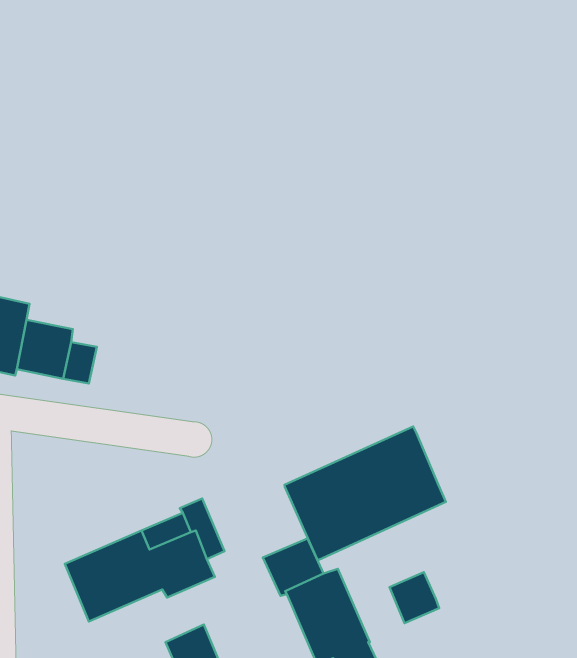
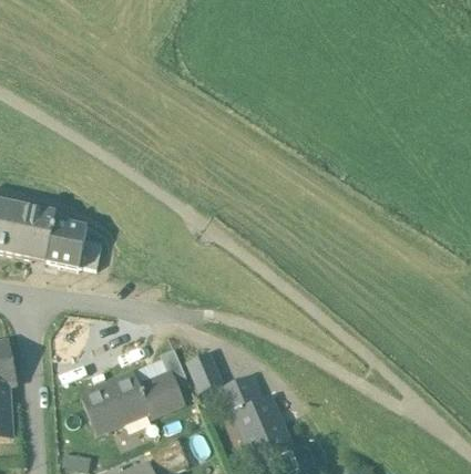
building: [285,426,446,560] -> none
building: none -> [186,352,222,393]
building: [389,572,439,623] -> none

